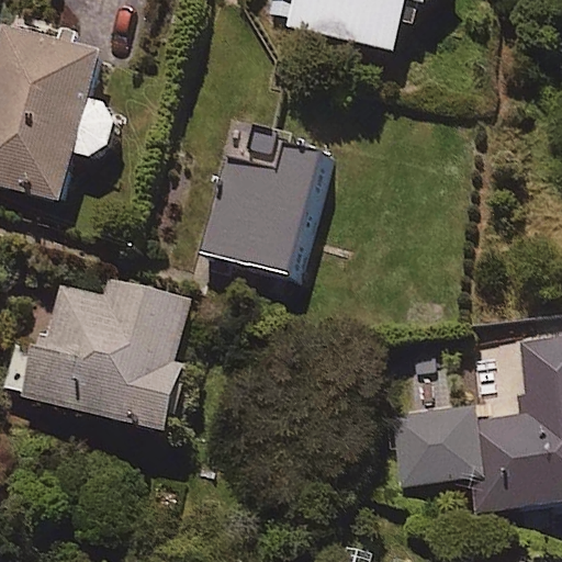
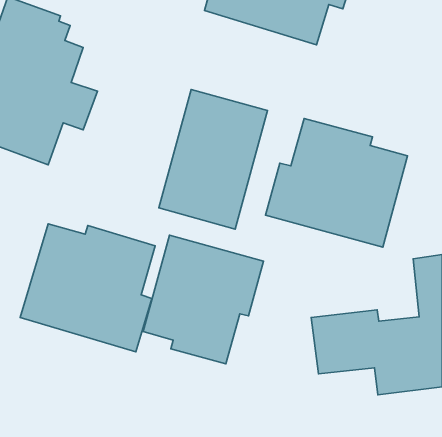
building: none -> [266,118,407,247]
building: none -> [143,235,264,364]

